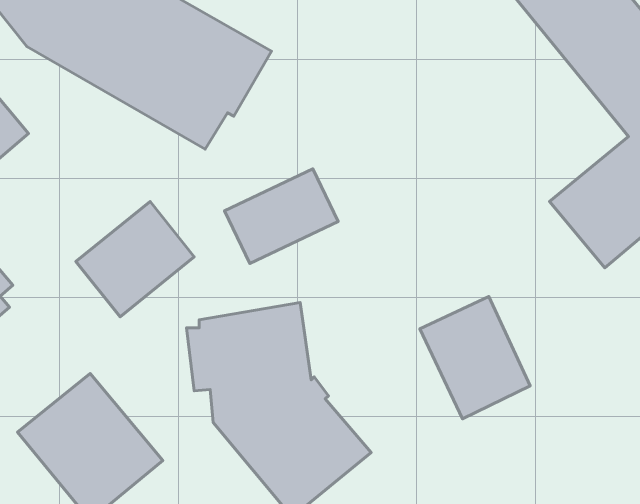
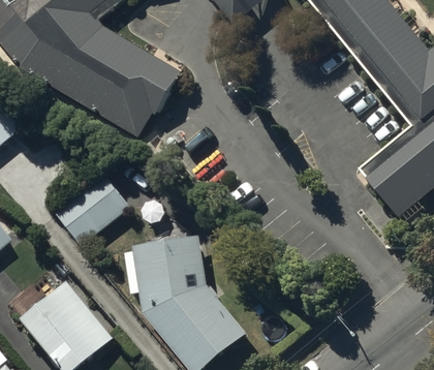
building: [225,169,338,264] -> none
building: [420,296,530,419] -> none

